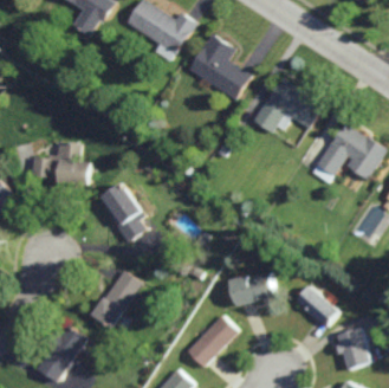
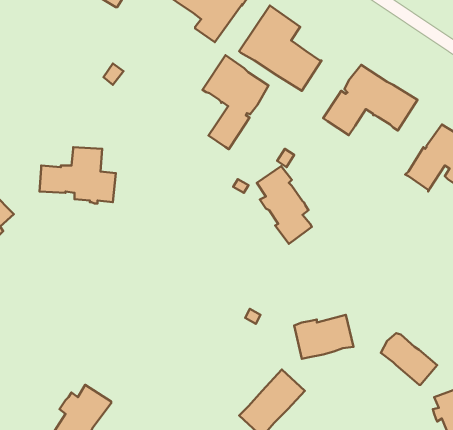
building: none -> [203,55,268,149]
building: [102,182,144,242] -> [257,166,312,244]
building: [91,271,140,329] -> none

